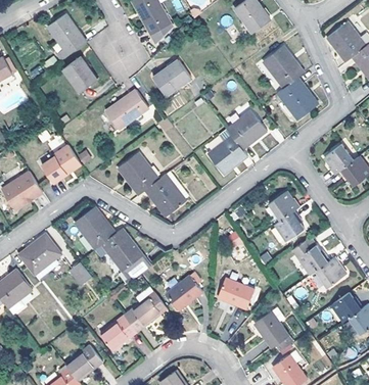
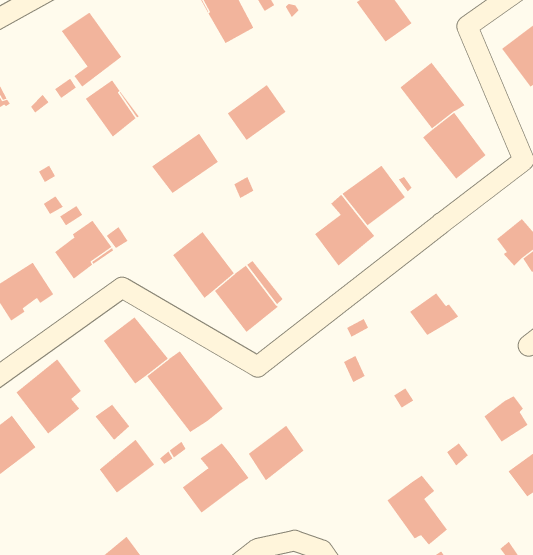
building: [274,209,303,240] -> none
building: [291,237,328,274] -> none
building: [218,278,252,308] -> none
building: [100,315,136,349] -> [99,439,155,494]

